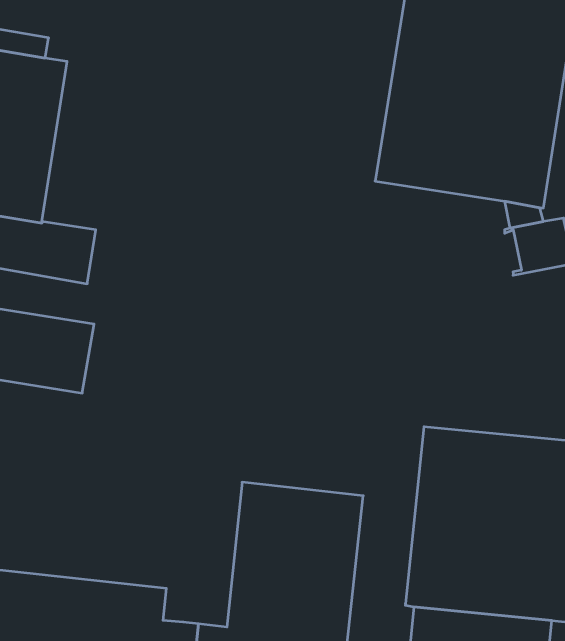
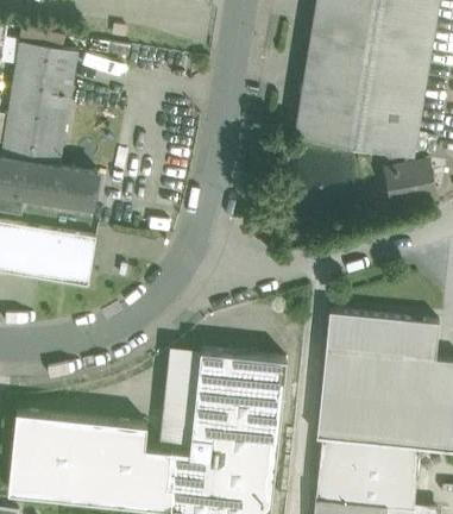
building: none -> [159,349,201,455]

